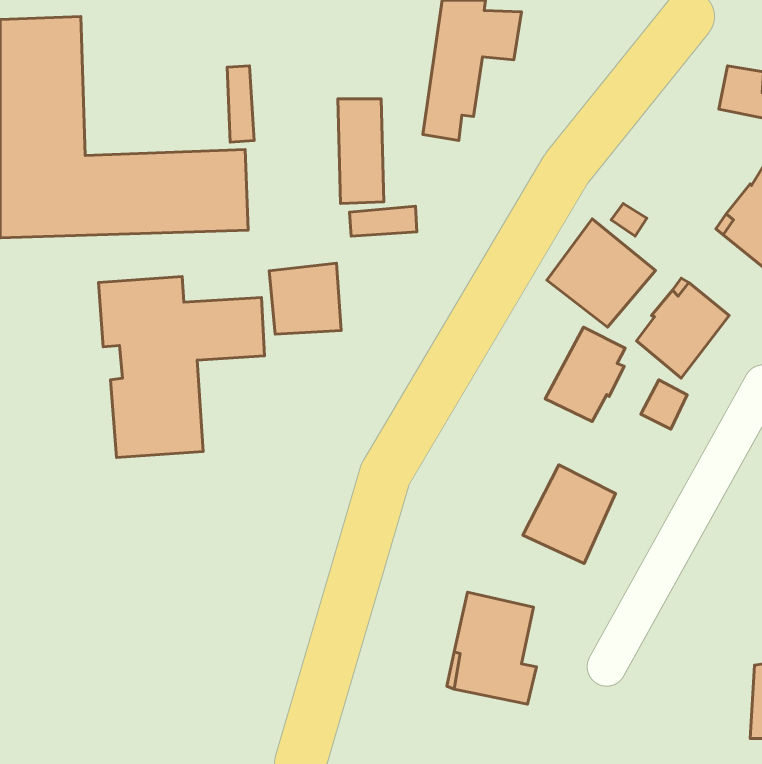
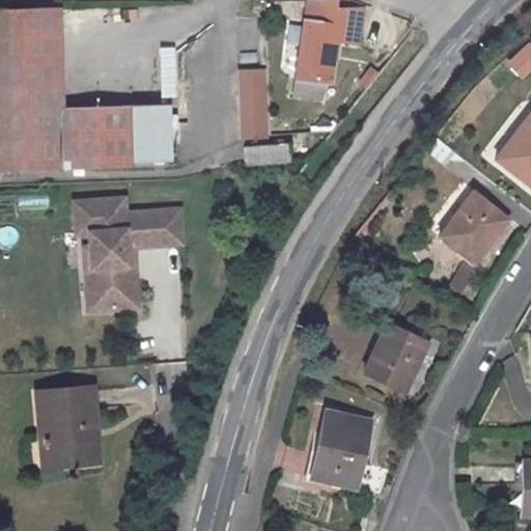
building: [547,219,655,327] -> none
building: [269,263,341,334] -> none
building: [545,327,625,421] -> none
building: none -> [38,387,97,465]

